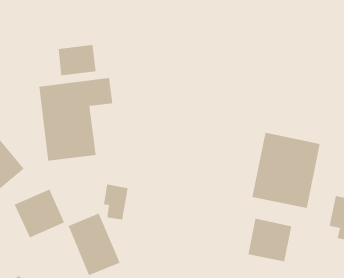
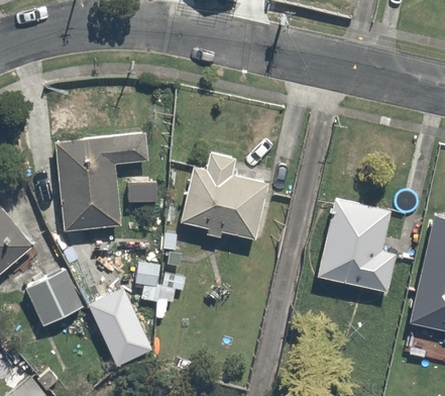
building: [58,44,96,76] -> none
building: none -> [182,150,267,237]
building: [248,218,292,262] -> none

